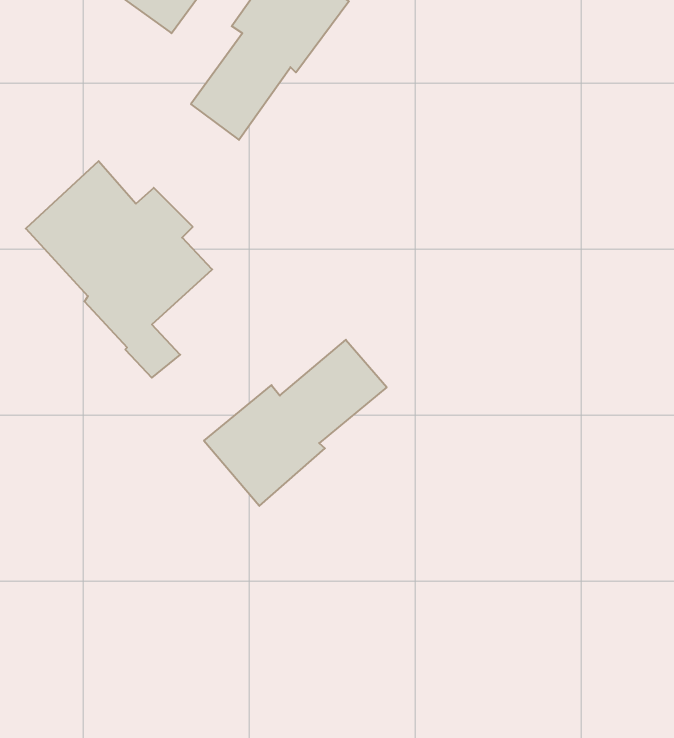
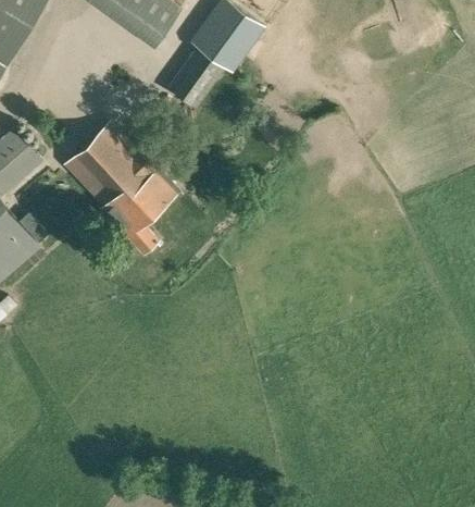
building: [204,340,387,506] -> none

